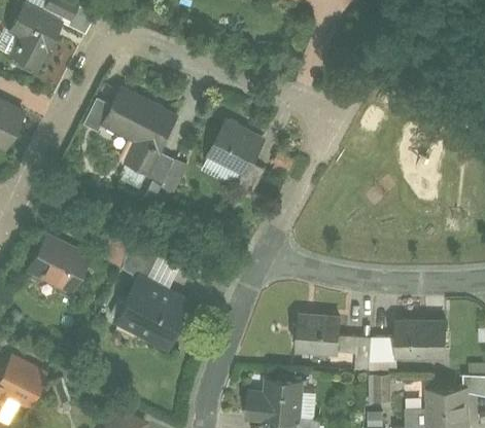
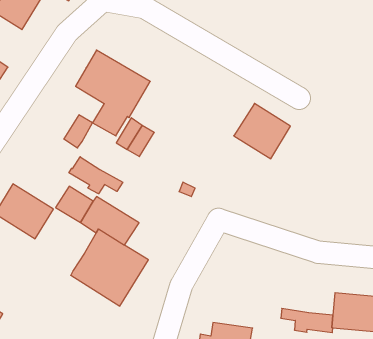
building: [80,100,109,135] -> [64,115,93,148]
building: [206,121,265,178] -> [234,103,290,159]
building: none -> [69,157,123,194]
building: [295,311,341,354] -> none

